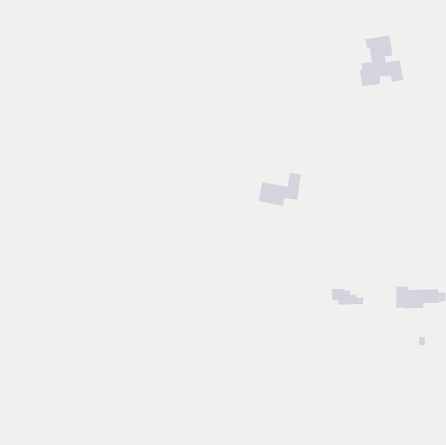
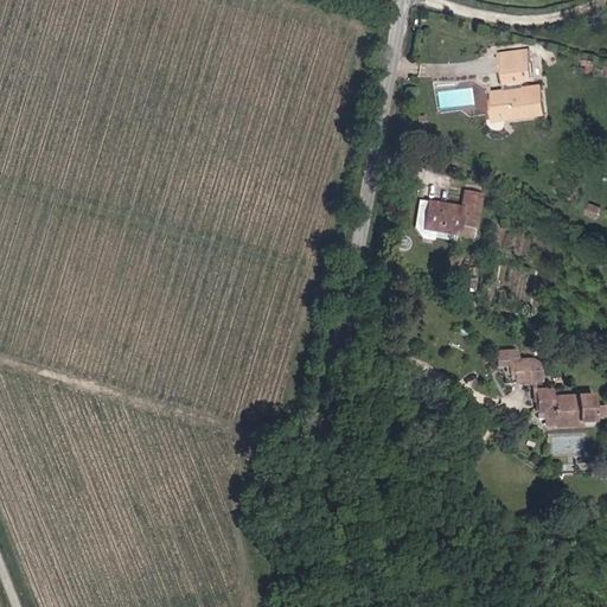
building: [258,172,302,206] -> [422,190,481,236]
building: [331,289,364,305] -> [504,360,549,383]

